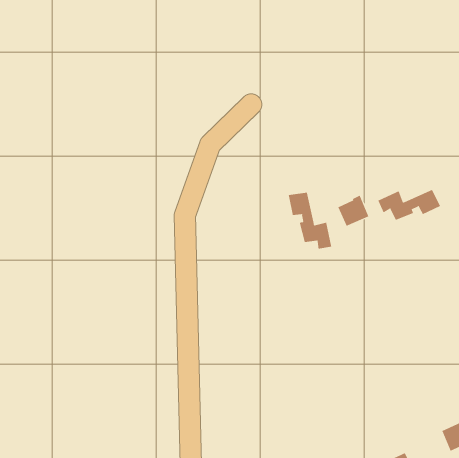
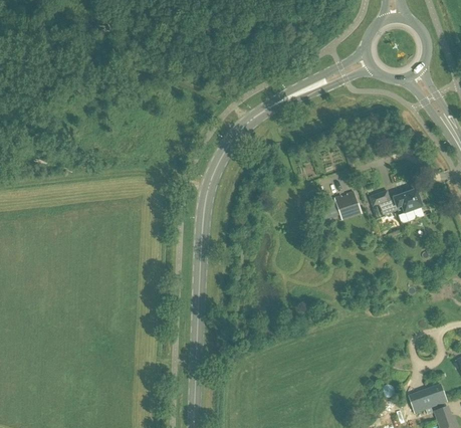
building: [288,192,332,250] -> none

